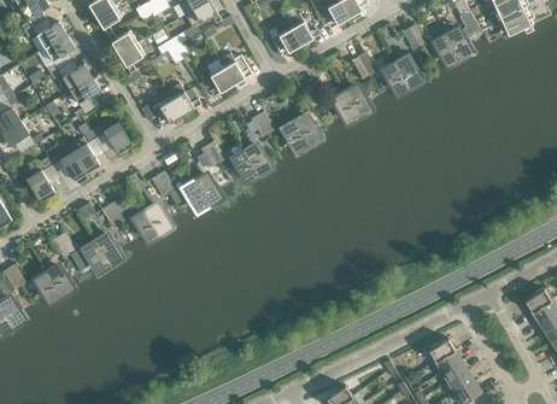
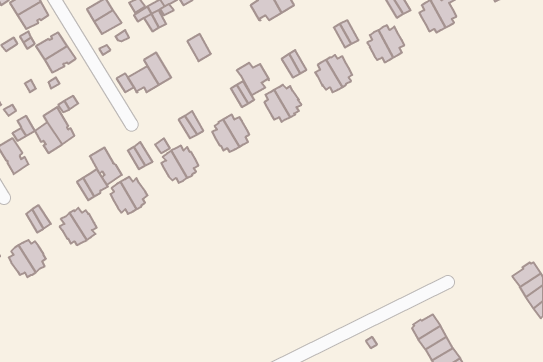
building: [217,53,248,84] -> [237,63,269,95]
building: [101,117,133,153] -> [90,148,122,185]

